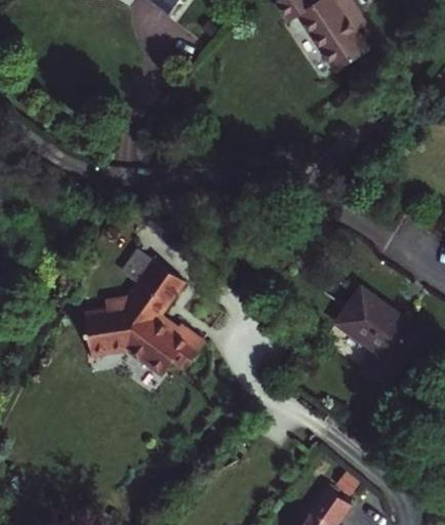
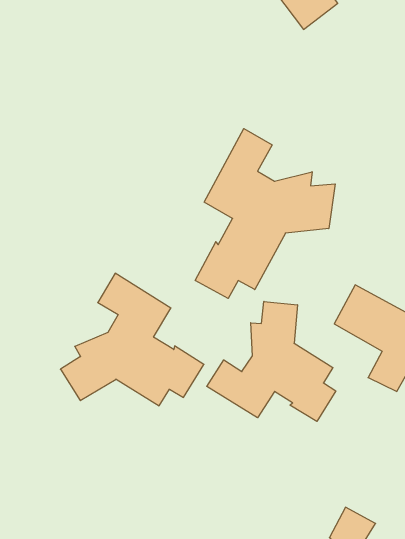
building: none -> [195,129,335,298]
building: none -> [207,301,336,421]

